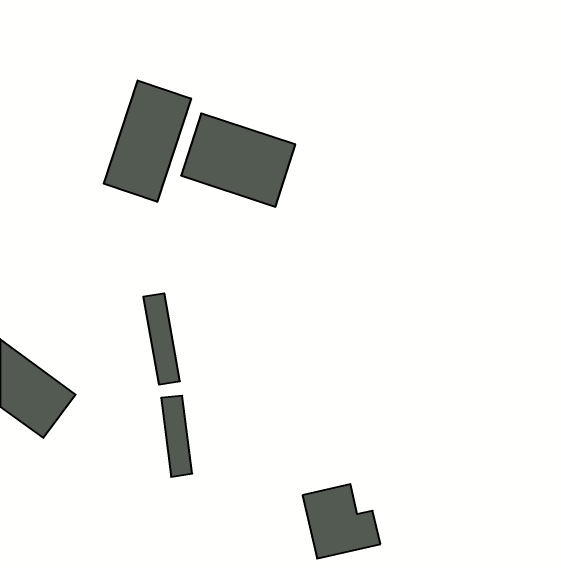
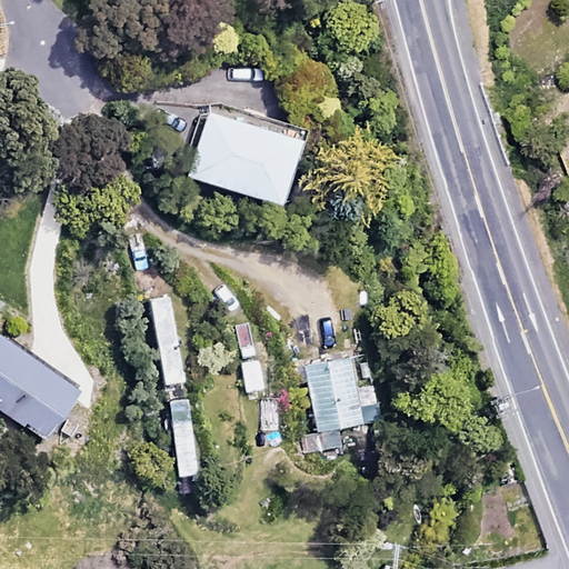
building: [104,80,191,202] -> none
building: [303,484,380,559] -> [302,357,380,431]

